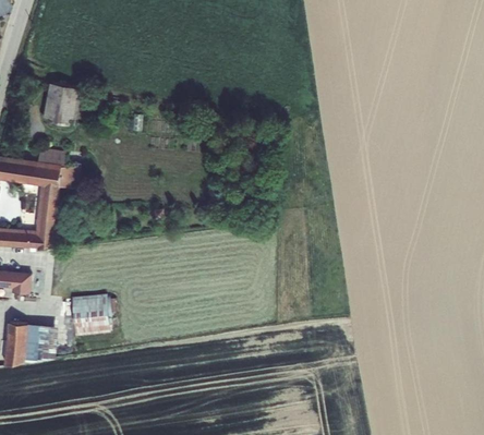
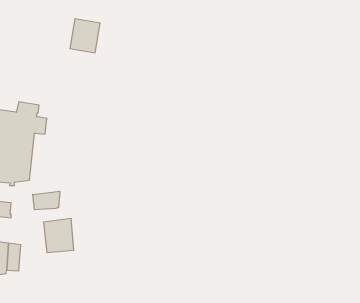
building: [41,84,80,126] -> [70,19,100,53]
building: none -> [33,191,60,210]

